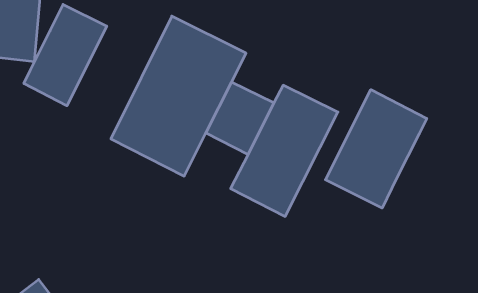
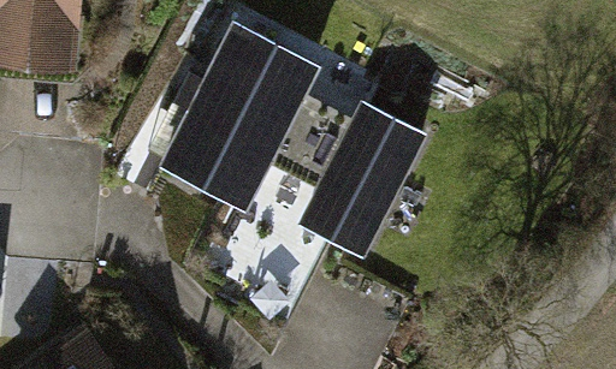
building: [24,4,107,106] -> none
building: [325,90,427,208] -> none

